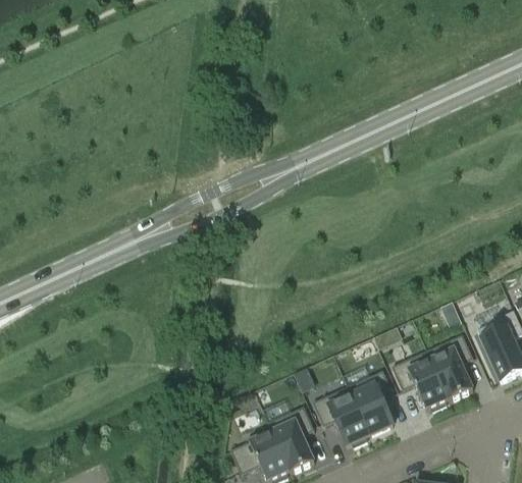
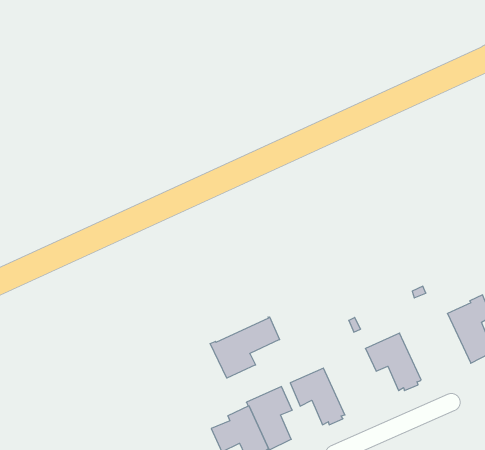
building: none -> [210,317,280,378]
building: [427,335,473,401] -> none
building: [348,371,395,436] -> none

